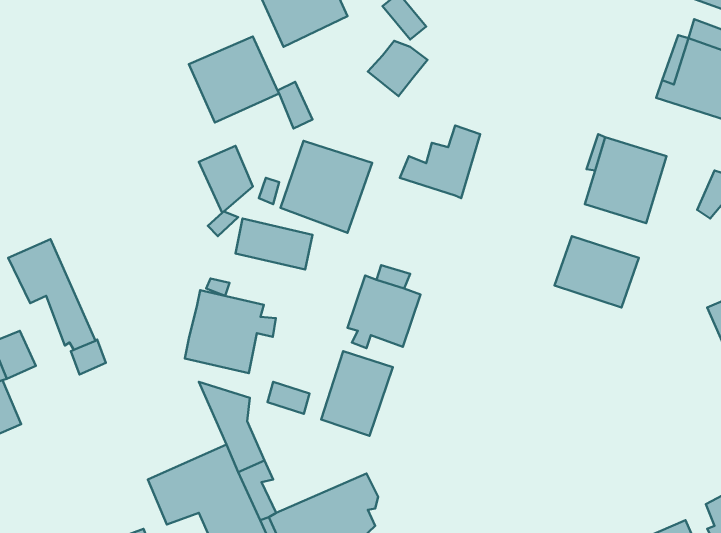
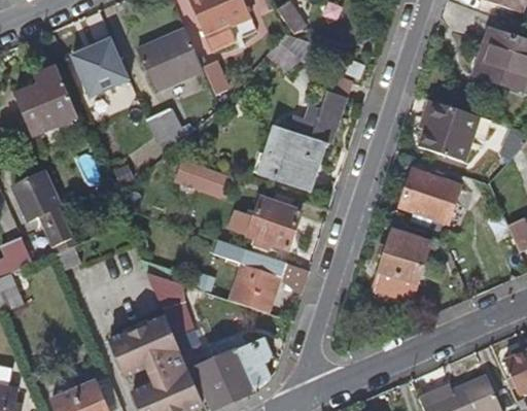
building: none -> [71,33,130,97]
building: none -> [13,66,77,134]
building: [280,141,372,233] -> [264,127,328,192]
building: [185,290,276,373] -> none
building: none -> [371,226,429,301]

